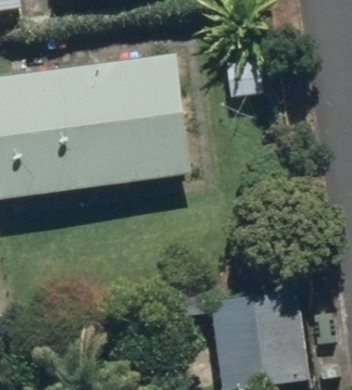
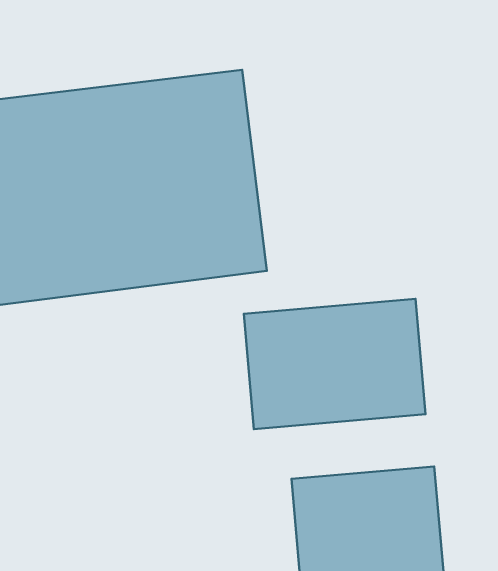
building: none -> [244,299,425,429]

